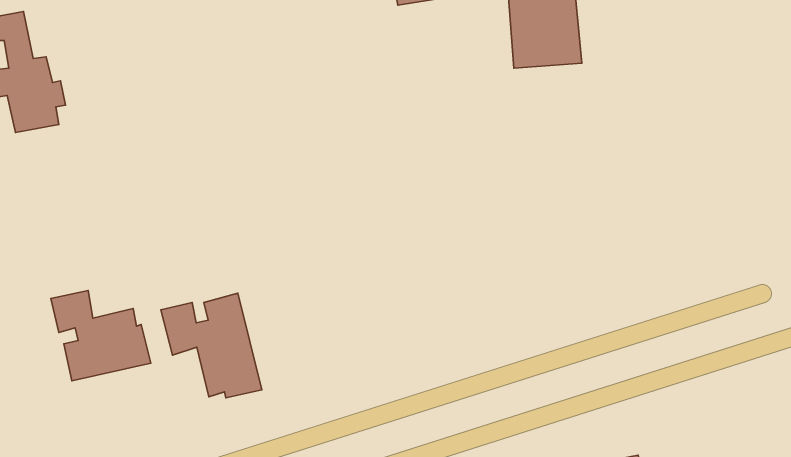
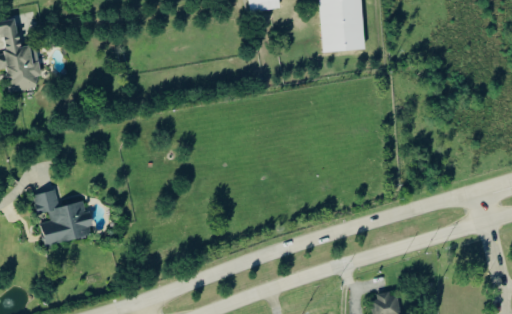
building: [161,293,262,398] -> none

